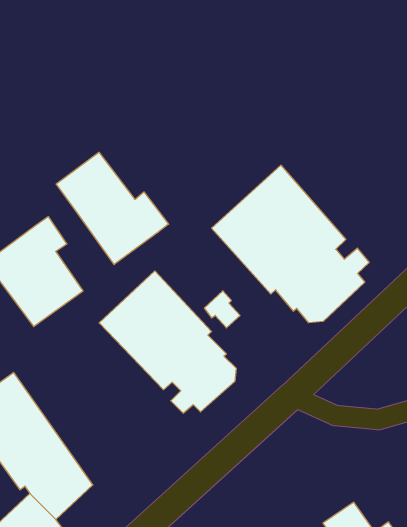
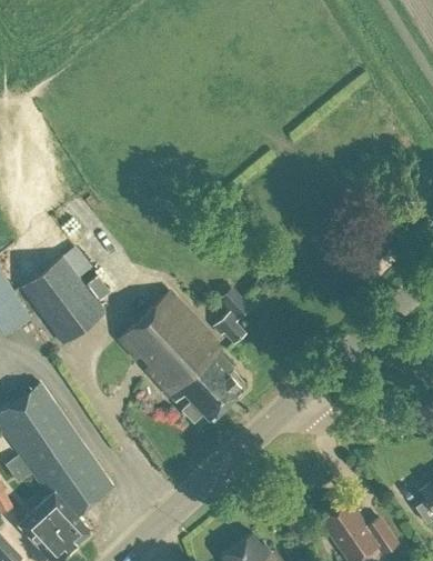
building: [56,152,169,265] -> none
building: [212,165,369,323] -> none

